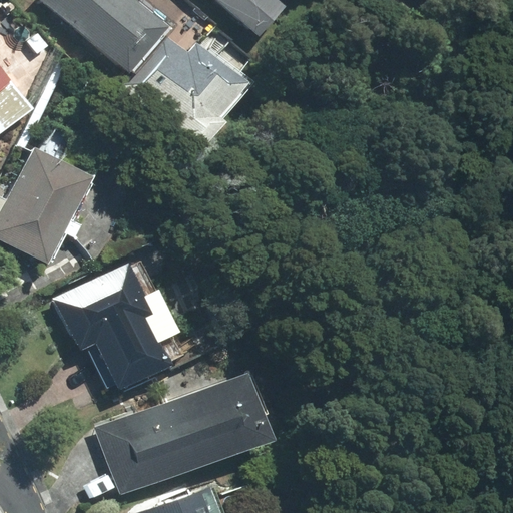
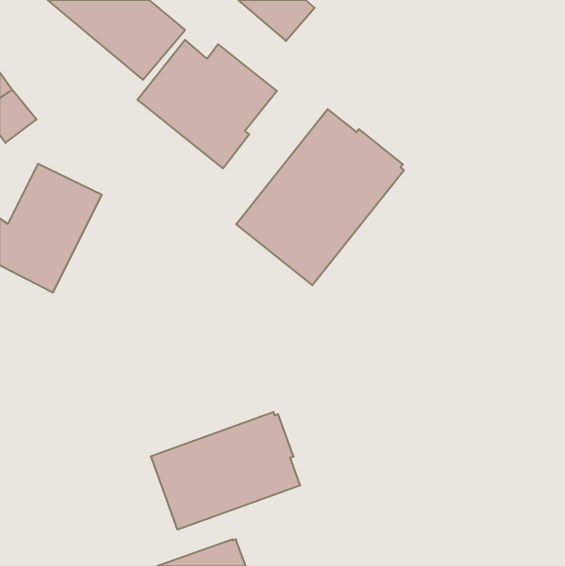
building: none -> [236,109,404,285]
building: [56,263,180,388] -> none
building: [95,413,160,494] -> none

